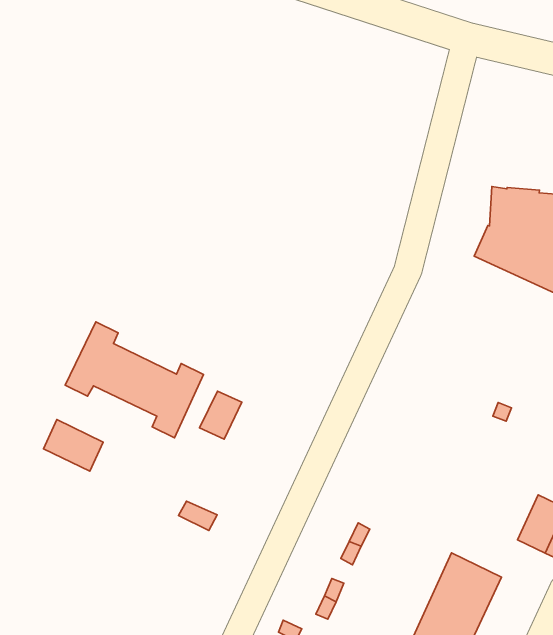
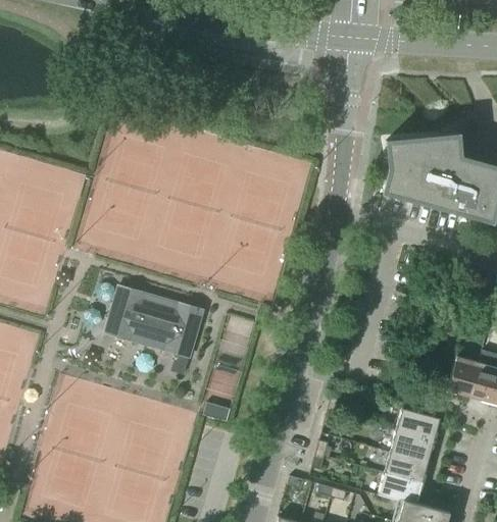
building: [200,391,242,439] -> none
building: [43,420,103,471] -> none

